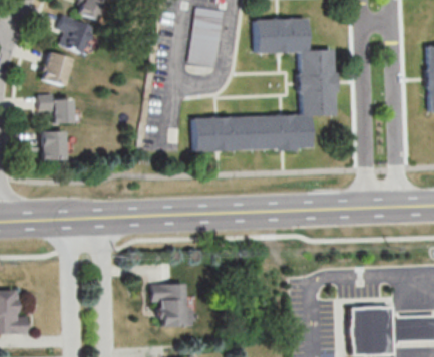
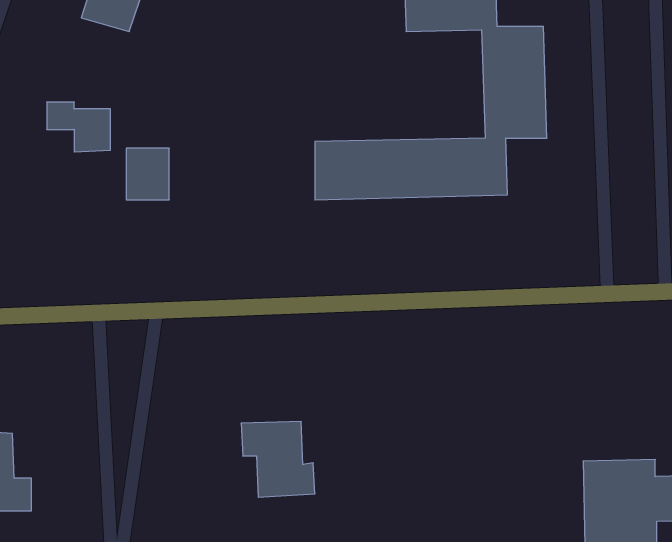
building: [195,39,220,65] -> none
building: [46,52,78,86] -> none
building: [46,130,71,160] -> [126,148,169,200]

